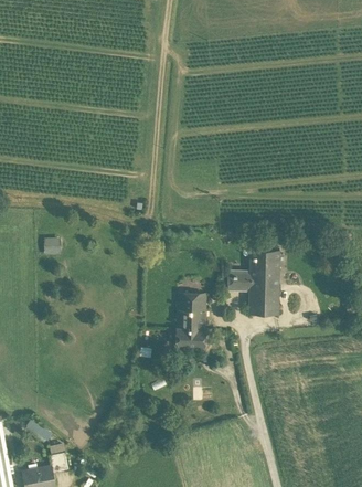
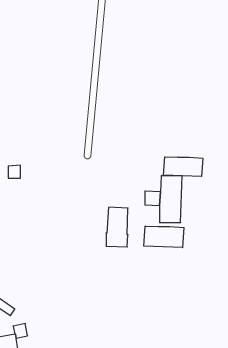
building: none -> [164,157,203,176]
building: none -> [144,226,184,248]

